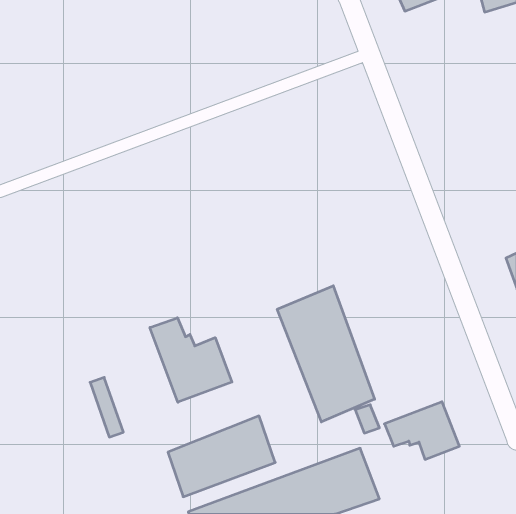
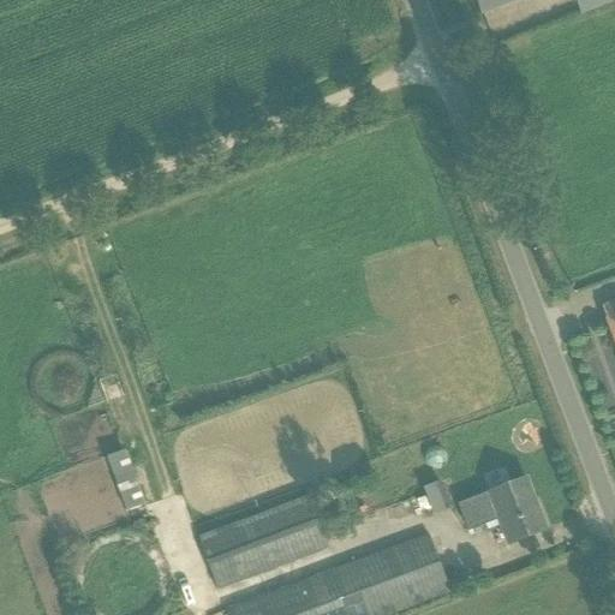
building: [277,286,375,422] -> none
building: [150,318,232,402] -> none

